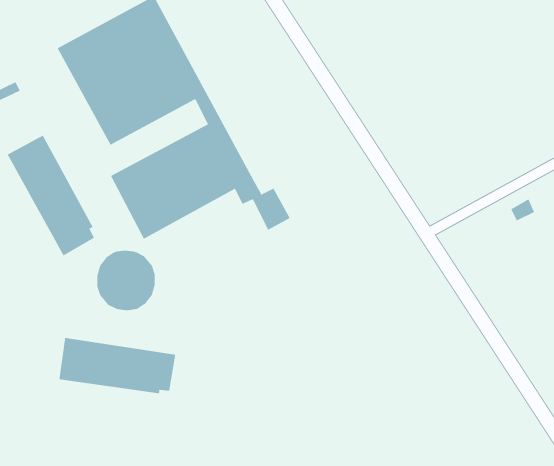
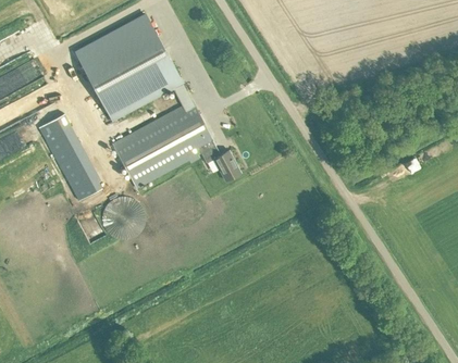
building: [59,337,176,394] -> none

